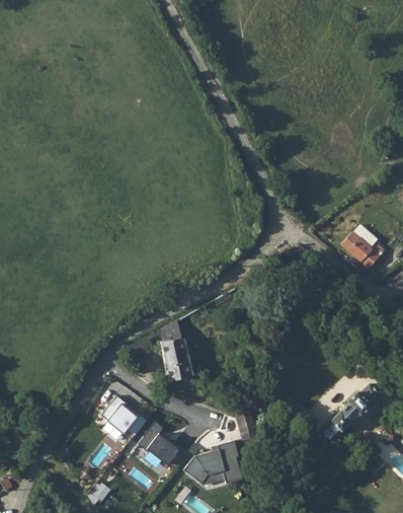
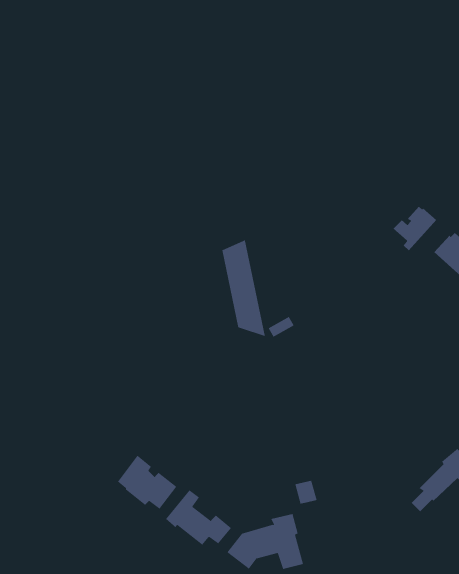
building: none -> [392,206,437,251]
building: [160,320,193,394] -> [222,239,266,337]

